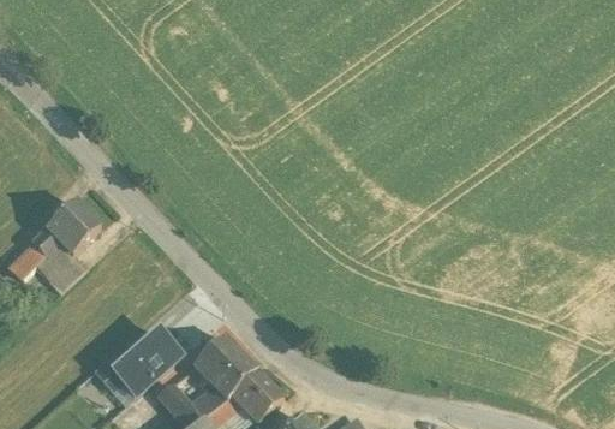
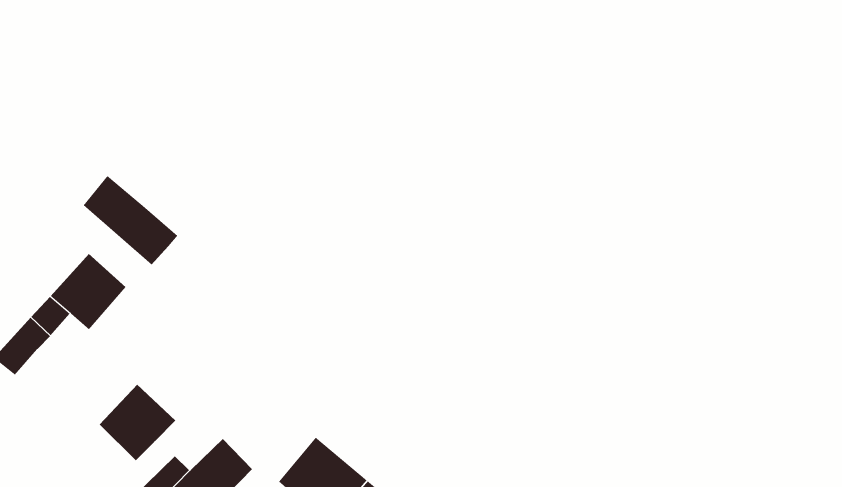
building: none -> [83,175,178,266]
building: none -> [99,384,176,461]

